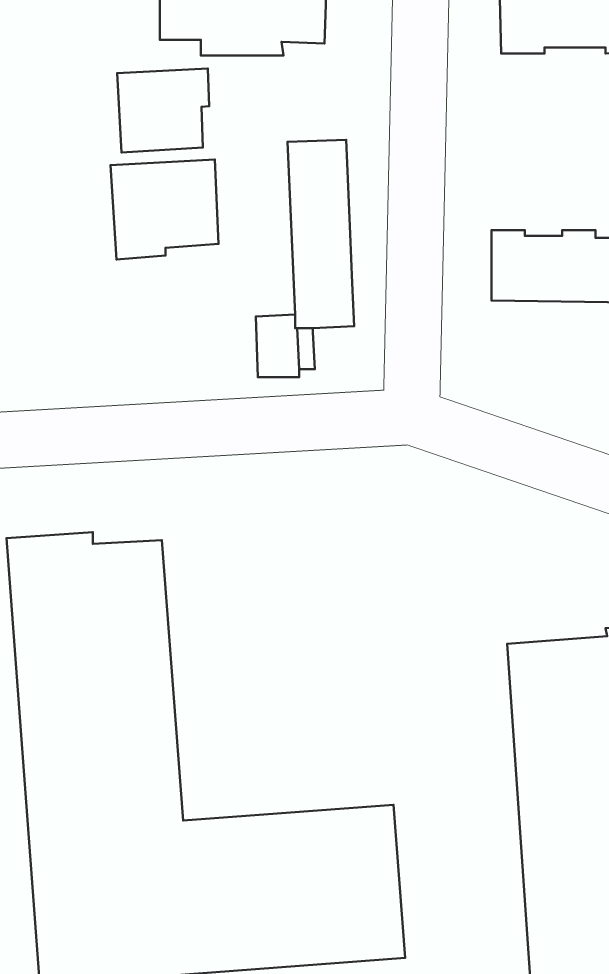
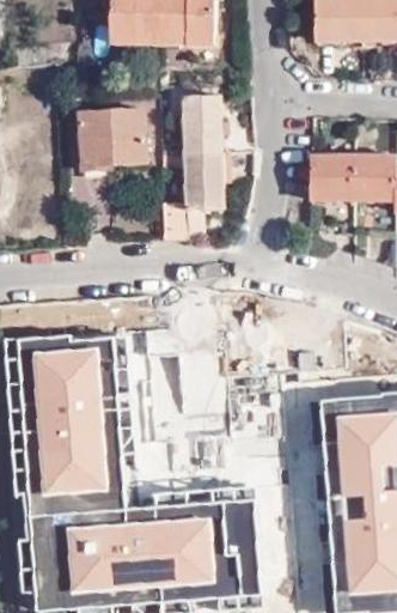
building: [117,68,209,153] -> none

